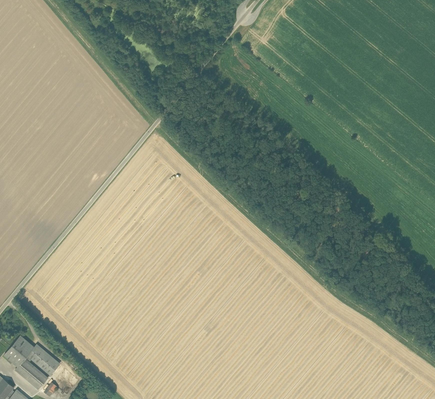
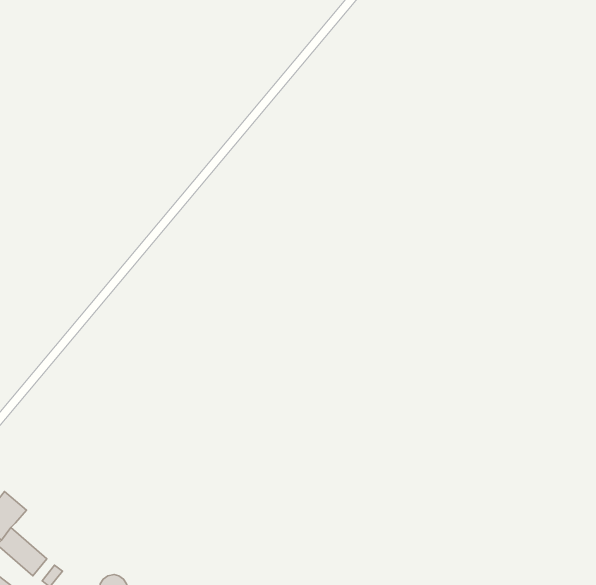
building: [27,345,59,375] -> none

